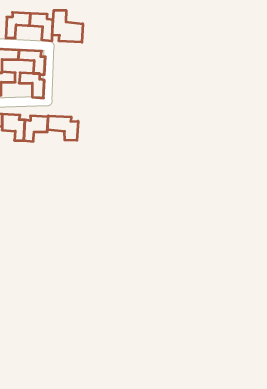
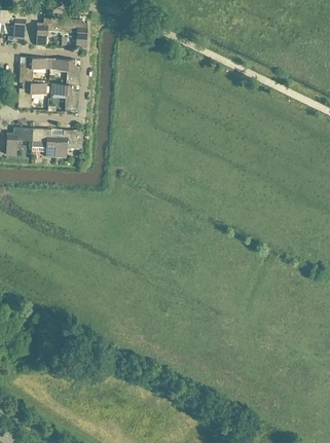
building: [52,10,83,42] -> none
building: [48,116,78,140] -> none

